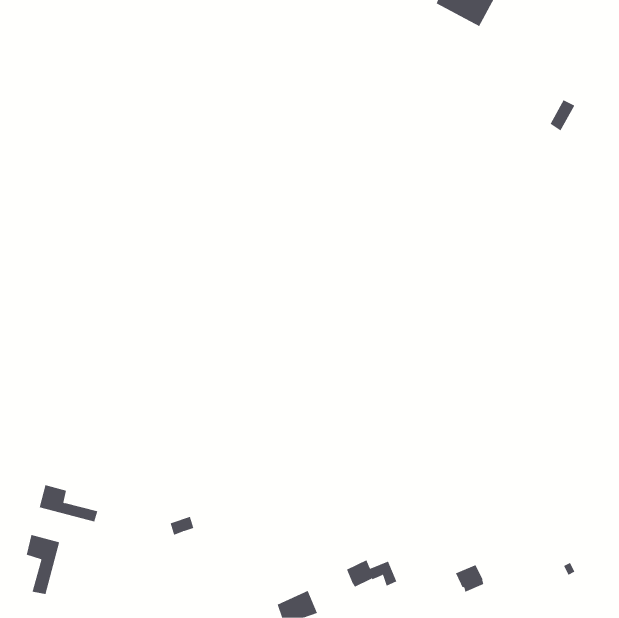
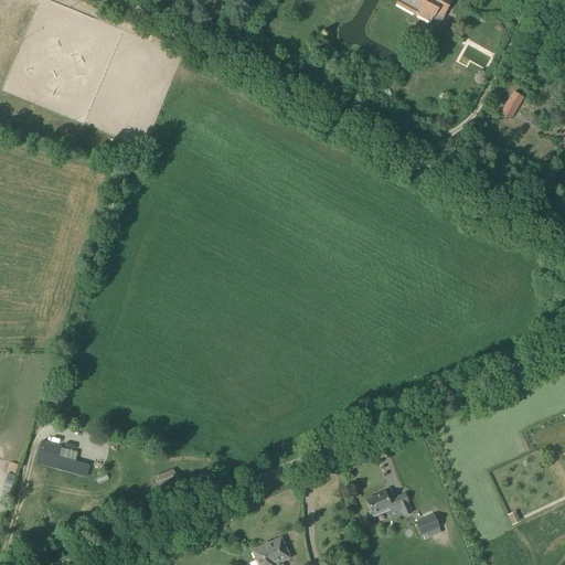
building: [26,534,60,595] -> none
building: [346,560,397,588] -> [366,491,413,516]

